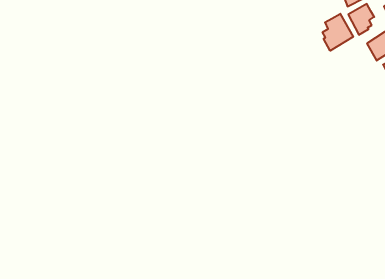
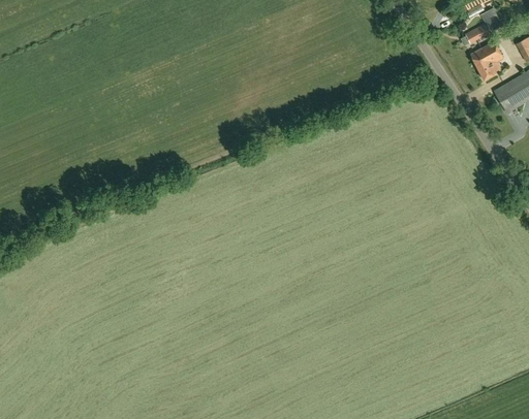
building: [323,14,353,51] -> none

